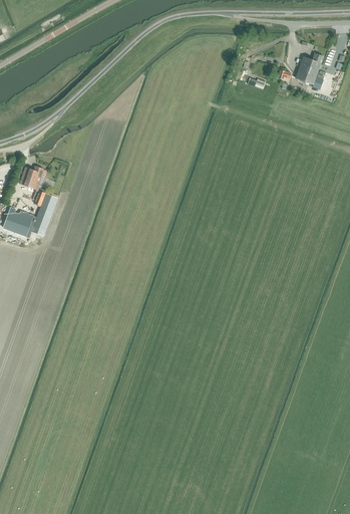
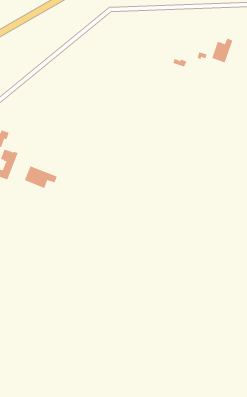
building: none -> [24,166,57,189]

